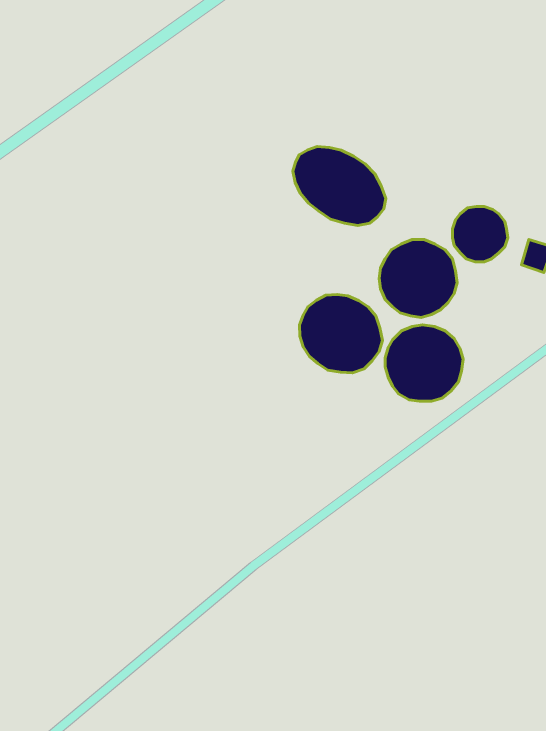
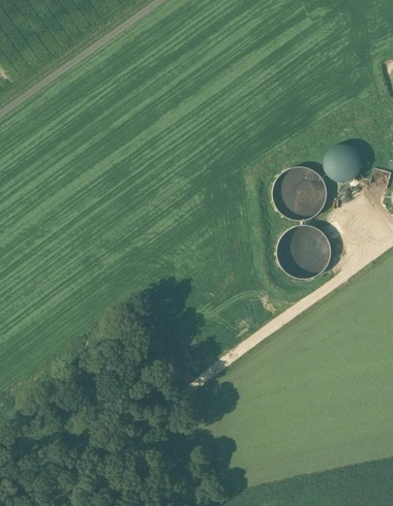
building: [293,146,386,226] -> none
building: [300,295,382,373] -> none

